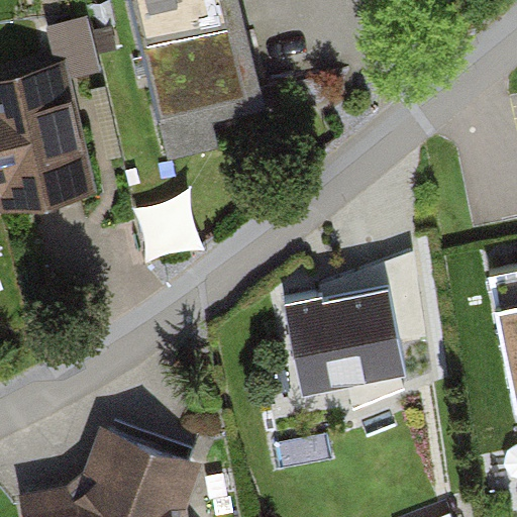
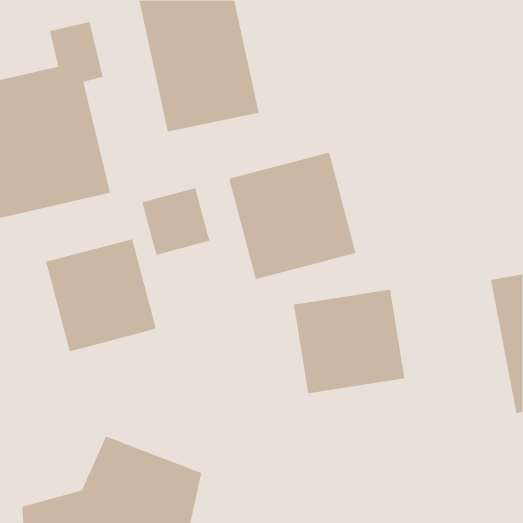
building: none -> [229,152,356,280]
building: none -> [45,238,156,352]

